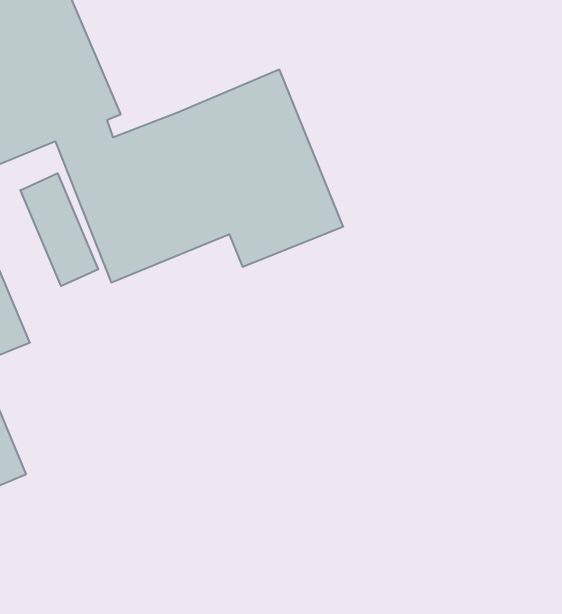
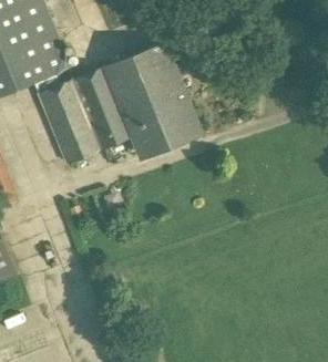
building: [20,173,98,286] -> none

